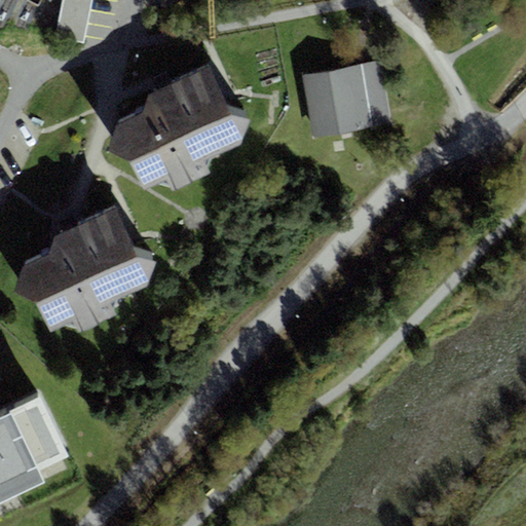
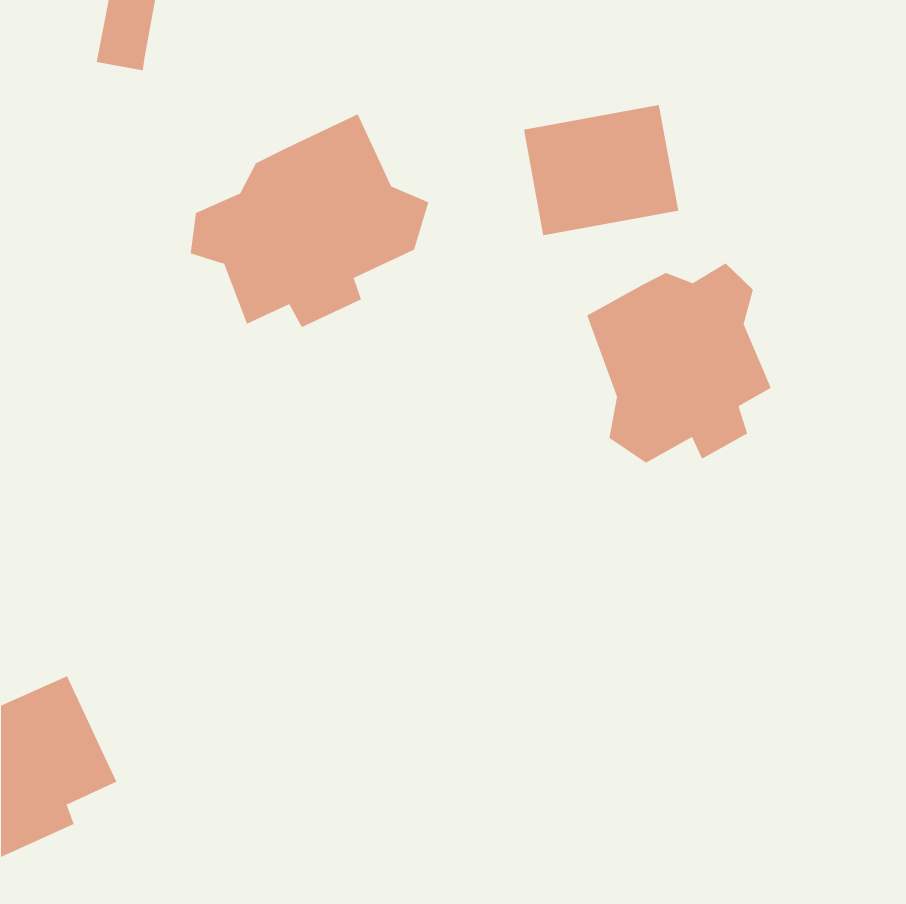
building: none -> [587,263,771,464]
building: [15,208,154,332] -> none

